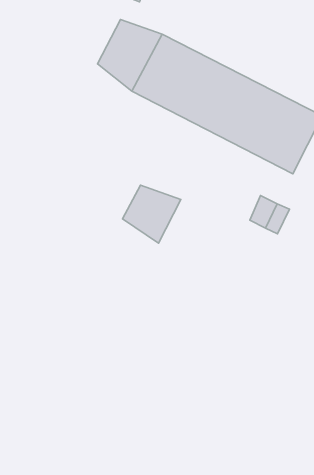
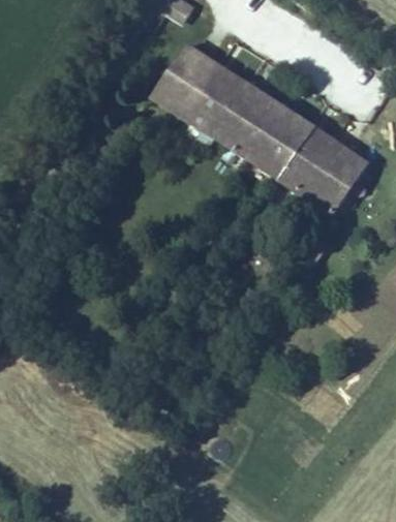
building: [122,185,181,243] -> none

